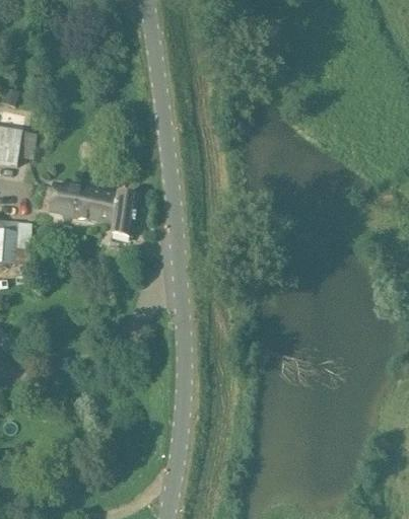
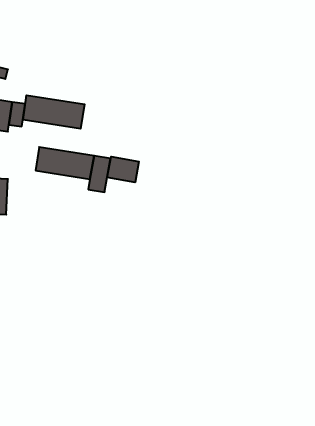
building: none -> [23,95,85,129]
building: none -> [107,157,139,182]

